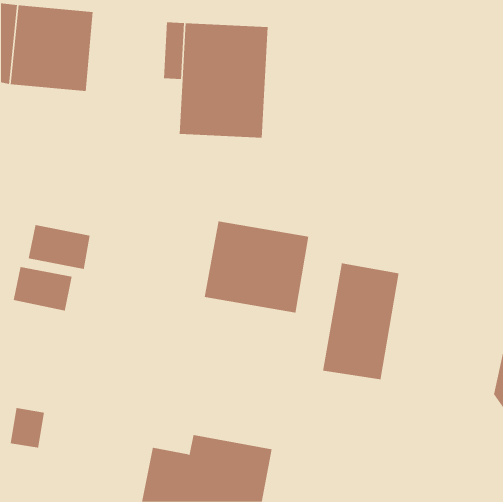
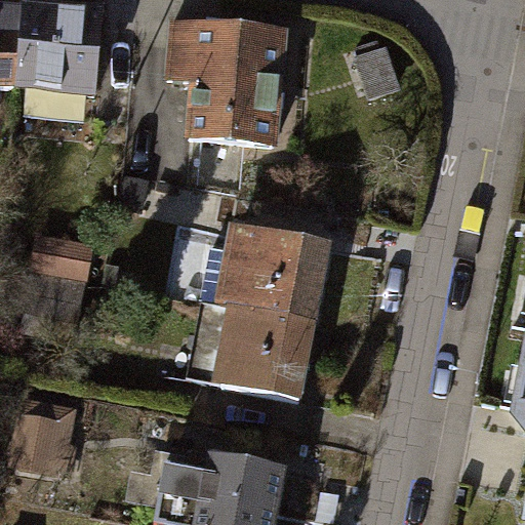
building: [323,263,399,380] -> none
building: none -> [194,305,311,397]

